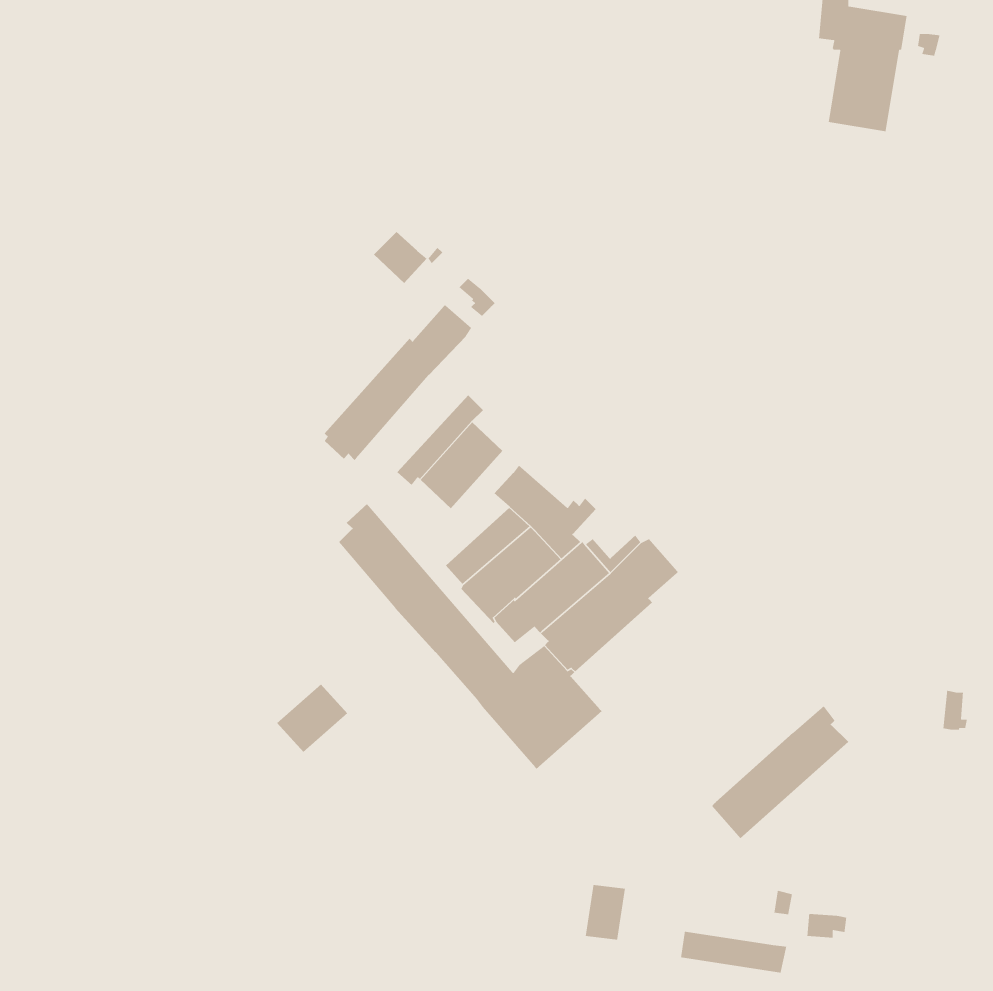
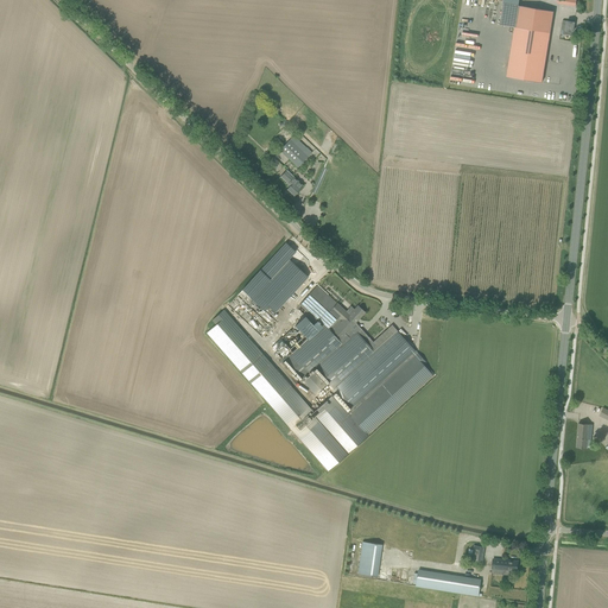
building: [373,231,428,284] -> [279,134,312,166]
building: [324,303,472,461] -> none
building: [276,684,348,753] -> none
building: [711,705,849,839] -> [349,352,433,433]

